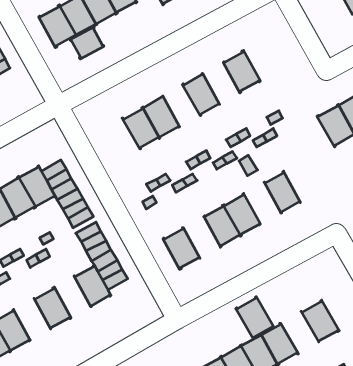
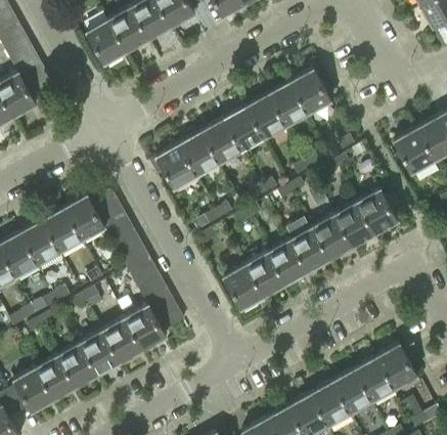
building: [70,27,104,59] -> none
building: none -> [267,81,308,127]
building: none -> [223,105,264,151]
building: none -> [155,142,197,189]
building: none -> [356,188,398,234]
building: none -> [312,213,353,259]
building: none -> [245,251,286,297]
building: none -> [103,316,143,362]
building: [236,297,274,339] -> [353,355,395,402]
building: none -> [58,341,99,387]

